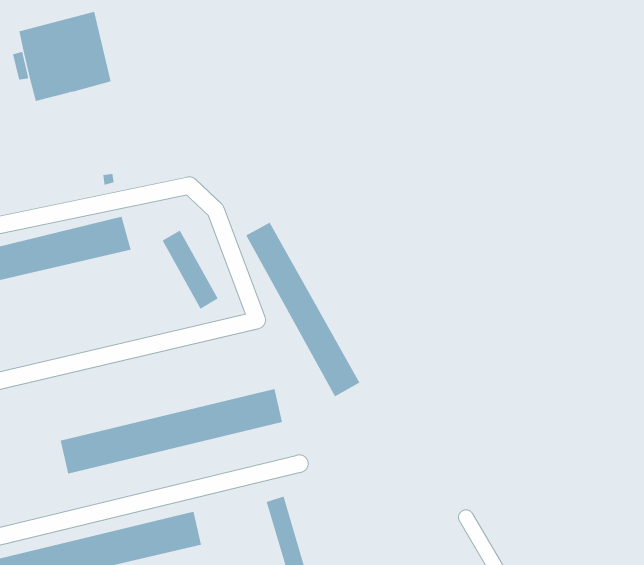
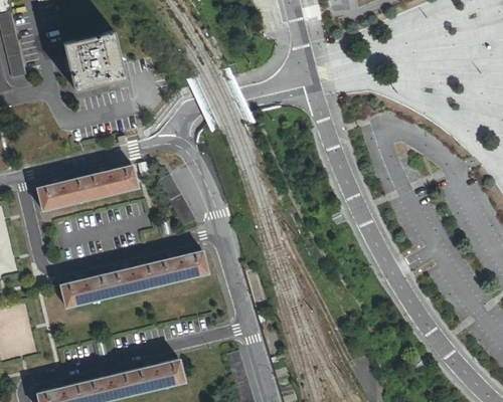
building: [246,222,360,397] -> none
building: [60,389,283,474] -> [60,250,207,307]

